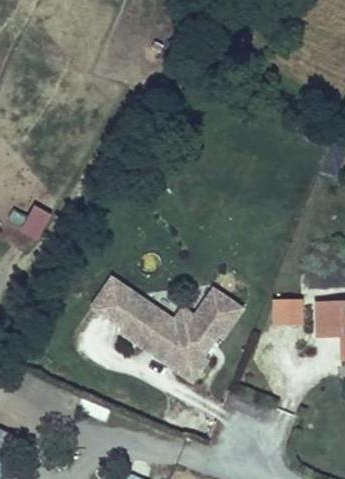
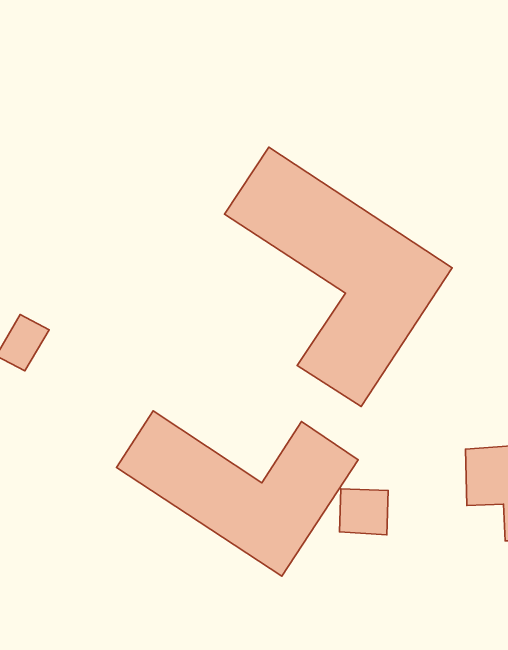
building: none -> [224,147,452,406]
building: [272,297,304,327] -> [339,489,388,535]

